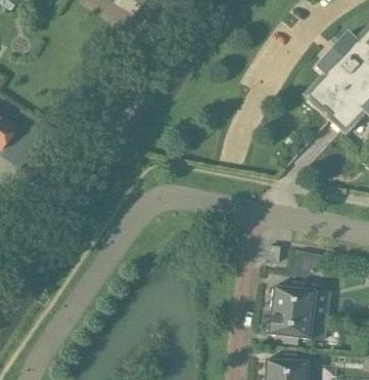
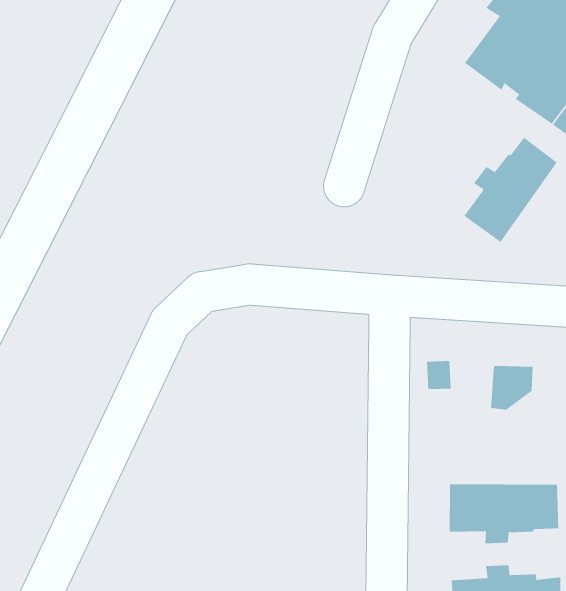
building: none -> [463,137,557,243]
building: [271,282,326,316] -> none

